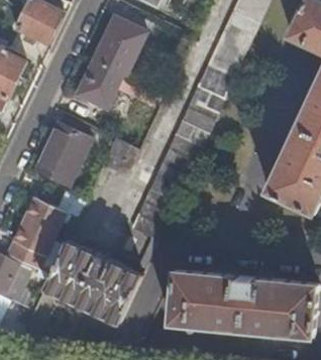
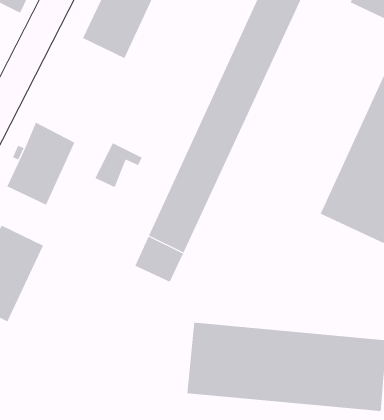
building: [78,63,155,108] -> none
building: [43,241,141,325] -> none

